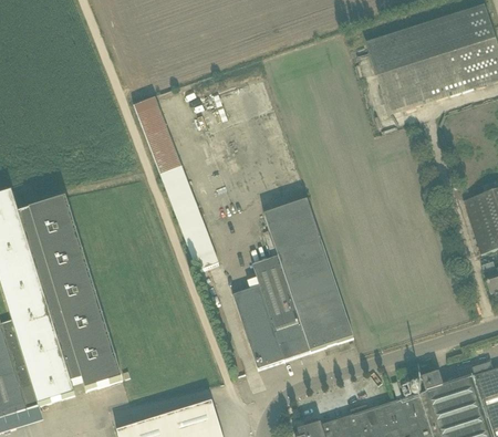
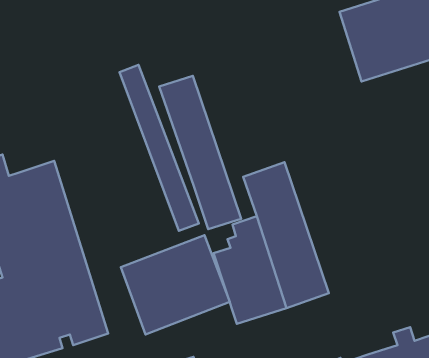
building: none -> [159,76,241,229]
building: none -> [121,235,230,334]

